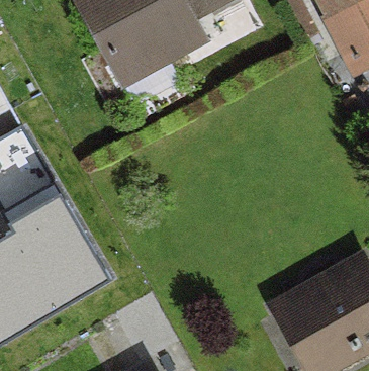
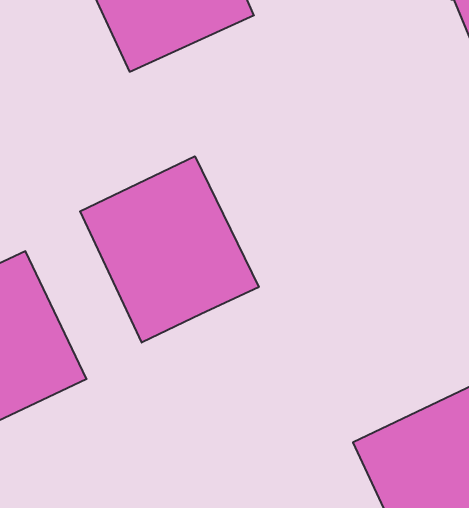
building: none -> [80,156,259,343]

